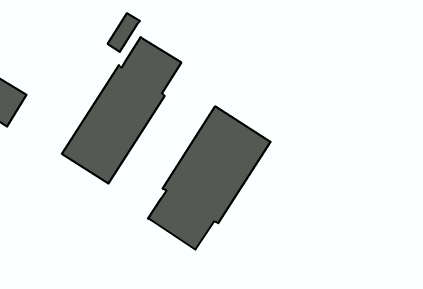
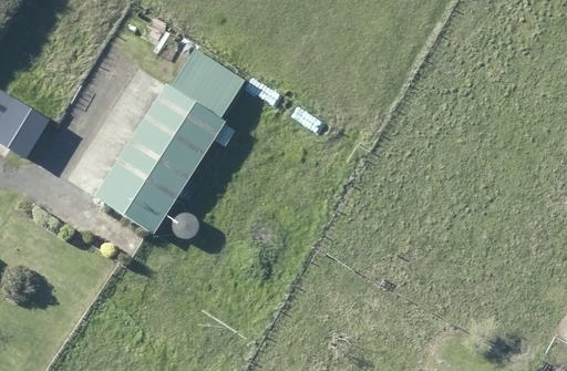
building: [148,106,271,250] -> none

